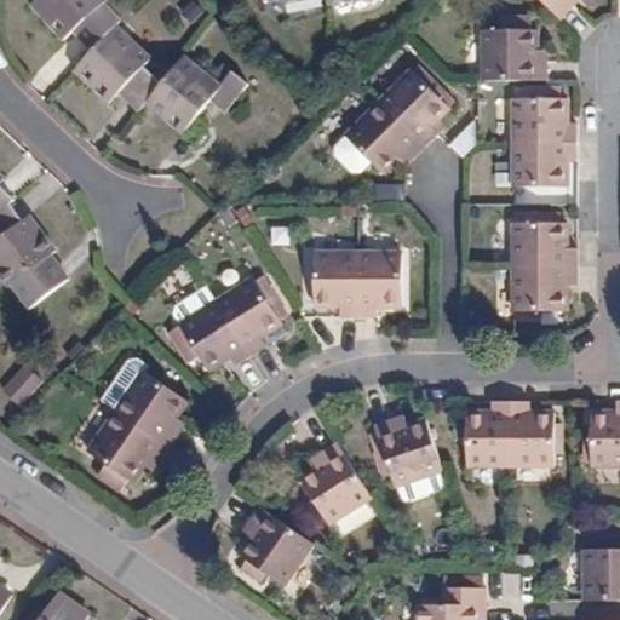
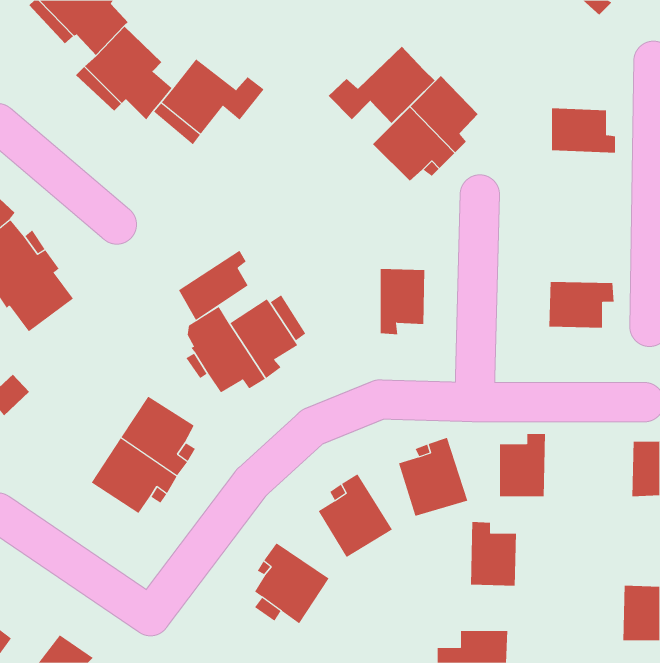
building: [481,25,542,78] -> none
building: none -> [328,46,436,124]
building: [513,140,575,185] -> none
building: [513,222,573,264] -> none
building: none -> [178,250,248,321]
building: [311,249,355,311] -> none
building: [509,404,552,465] -> [470,521,517,586]

